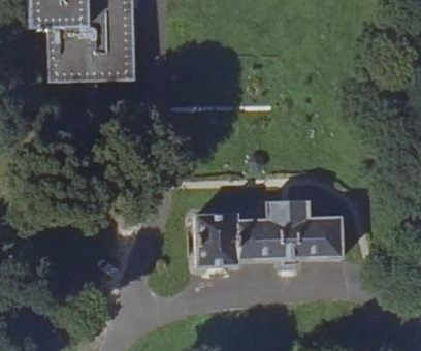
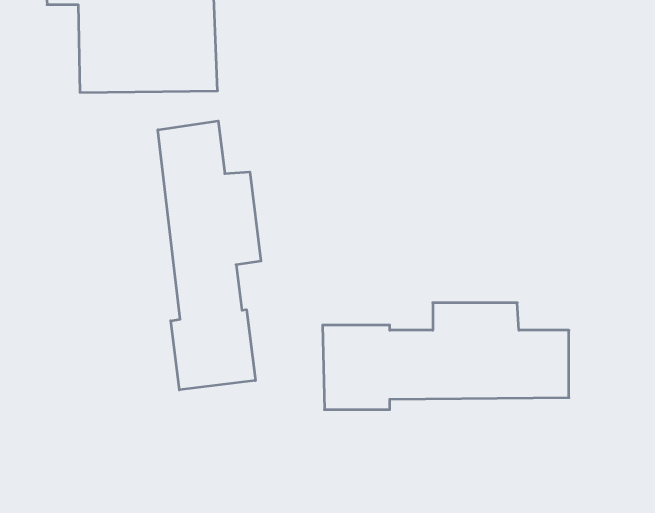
building: none -> [158,121,261,390]

